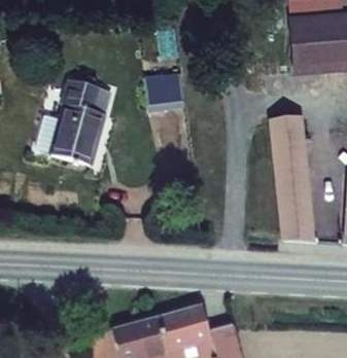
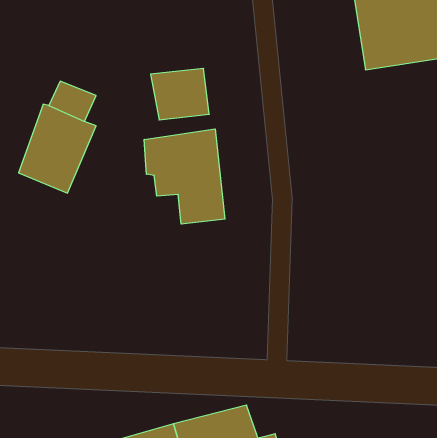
building: [268,104,318,237] -> none
building: none -> [144,129,225,224]

